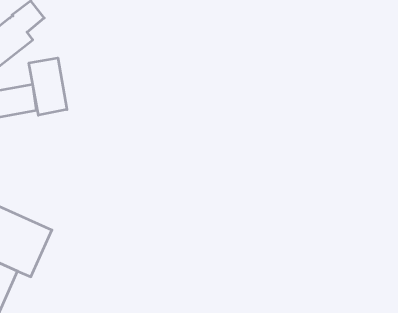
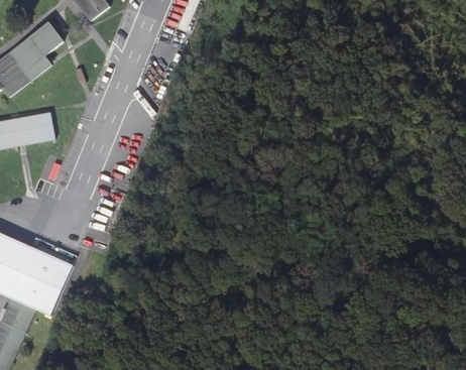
building: [29,58,67,115] -> none

